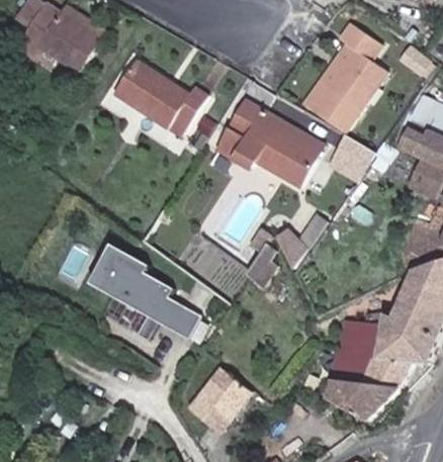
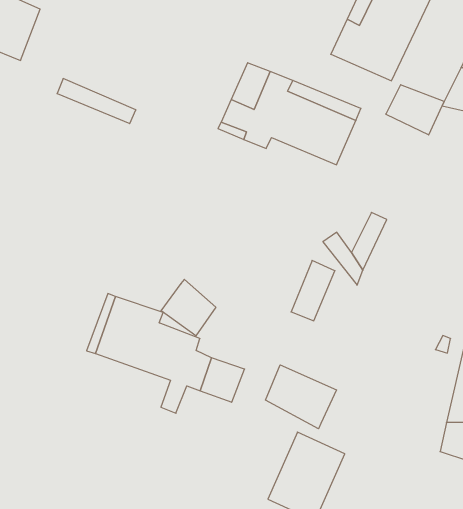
building: [117,54,209,128] -> none
building: none -> [161,279,216,336]
building: none -> [266,365,337,429]

